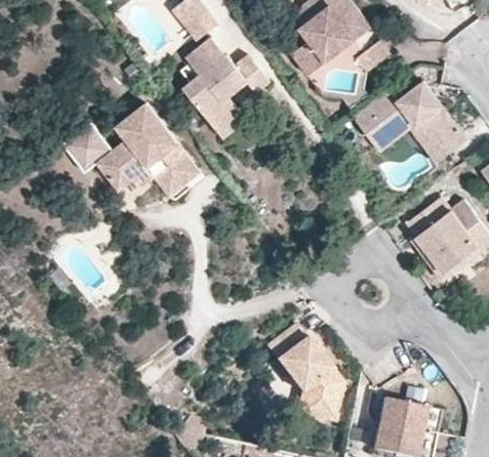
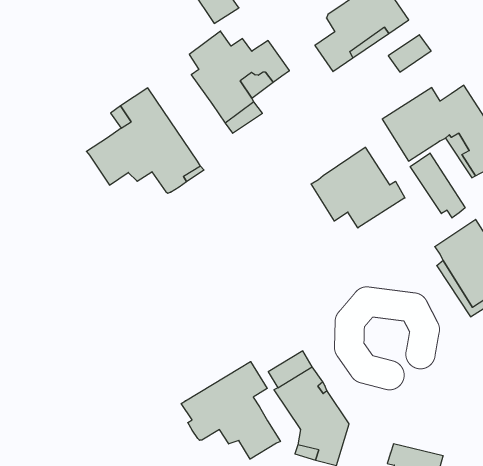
building: [64,124,114,176] -> none
building: none -> [311,147,405,228]
building: none -> [410,153,465,218]
building: none -> [181,362,280,459]

